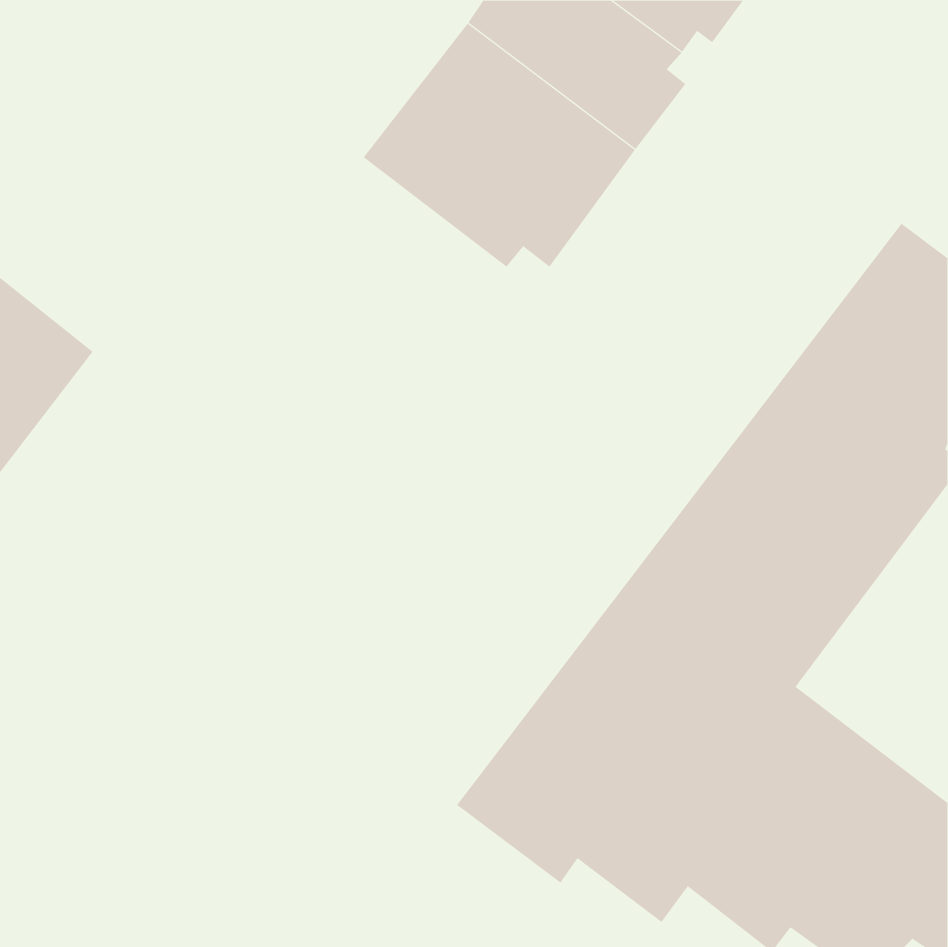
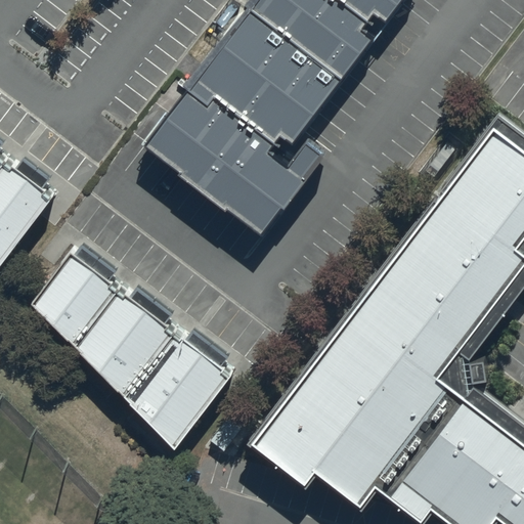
building: none -> [150,91,308,242]
building: none -> [33,252,228,448]

